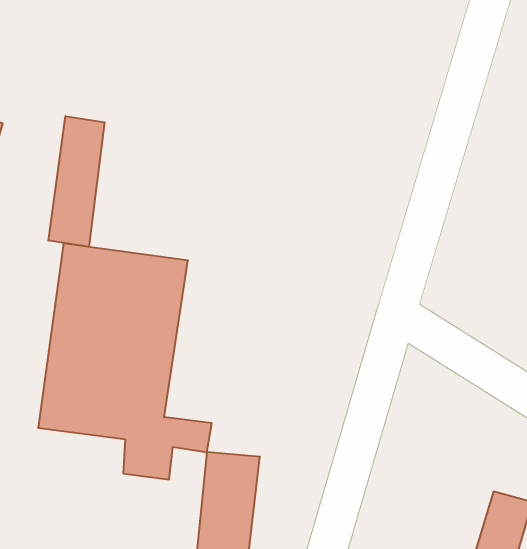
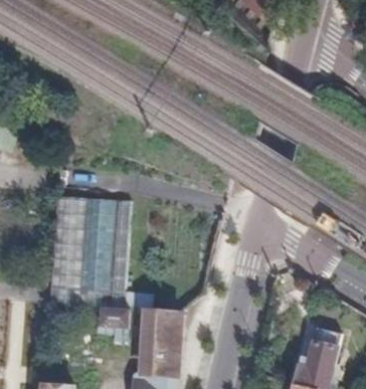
building: [48,116,105,247] -> none

